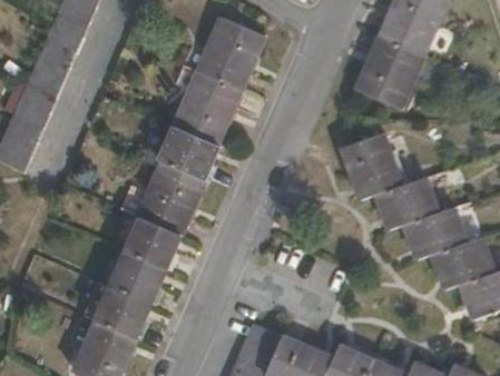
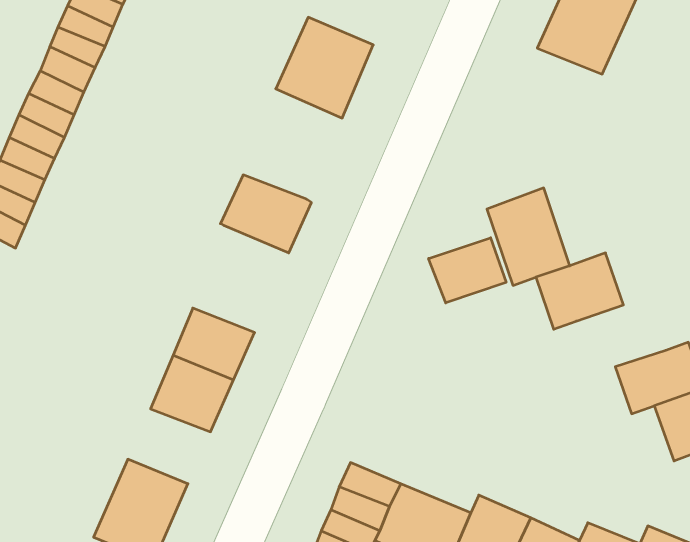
building: [355,38,423,110] -> none
building: [174,66,245,141] -> none
building: [139,159,208,232] -> none
building: none -> [429,238,506,303]
building: [405,208,467,260] -> none
building: [98,285,155,336] -> none

